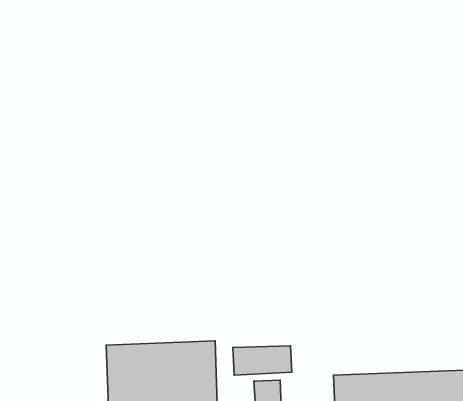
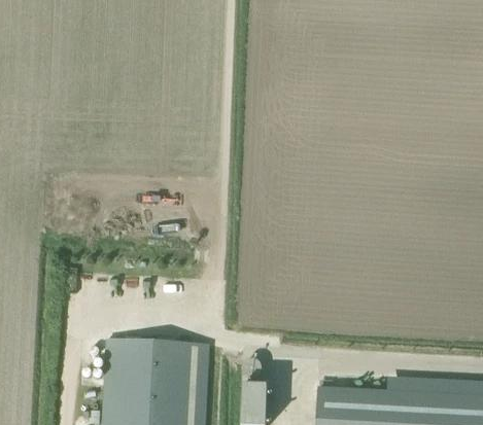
building: [233,346,292,375] -> none

